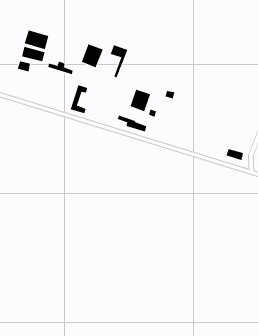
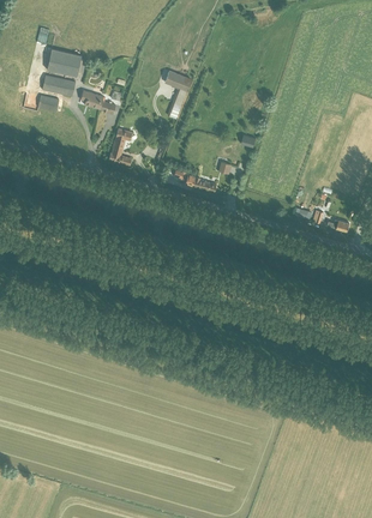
building: [81,44,103,68] -> none
building: [130,89,151,112] -> none

